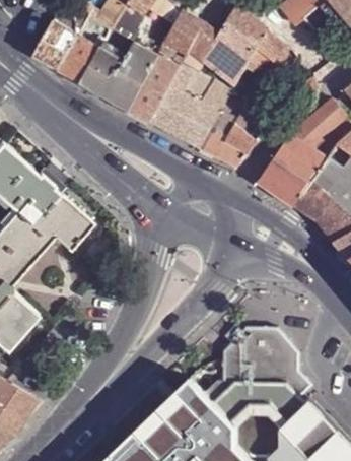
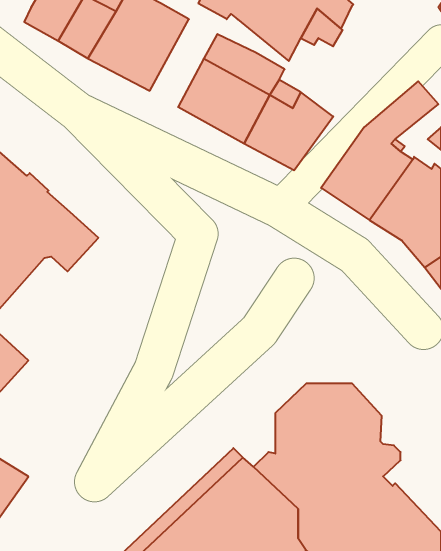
building: [130,56,182,122] -> none

